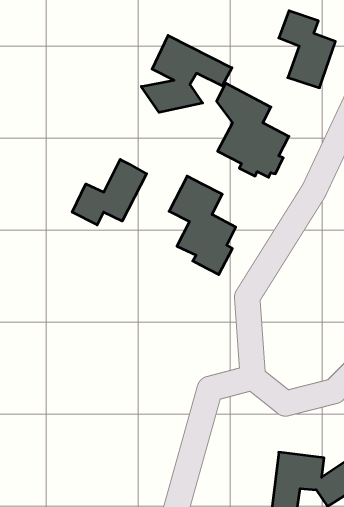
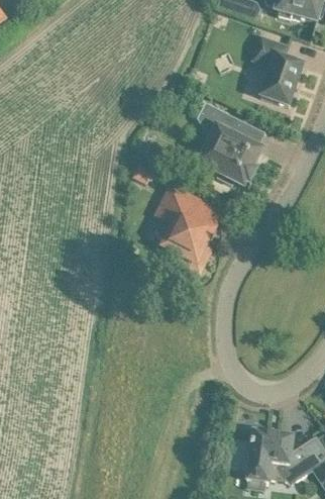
building: [141,35,232,112] -> none
building: [72,159,147,225] -> none

